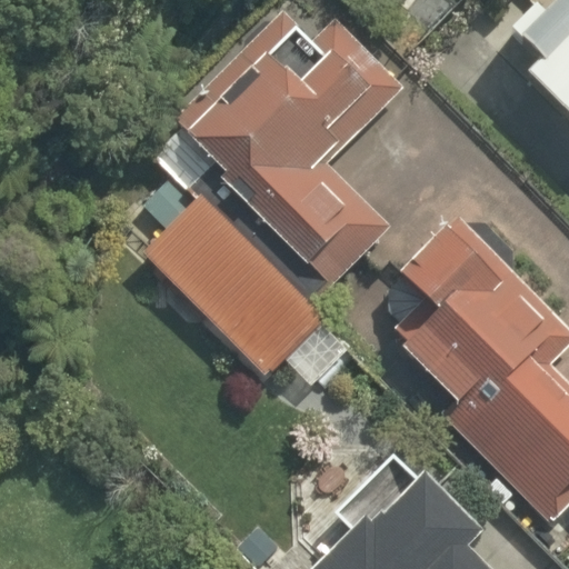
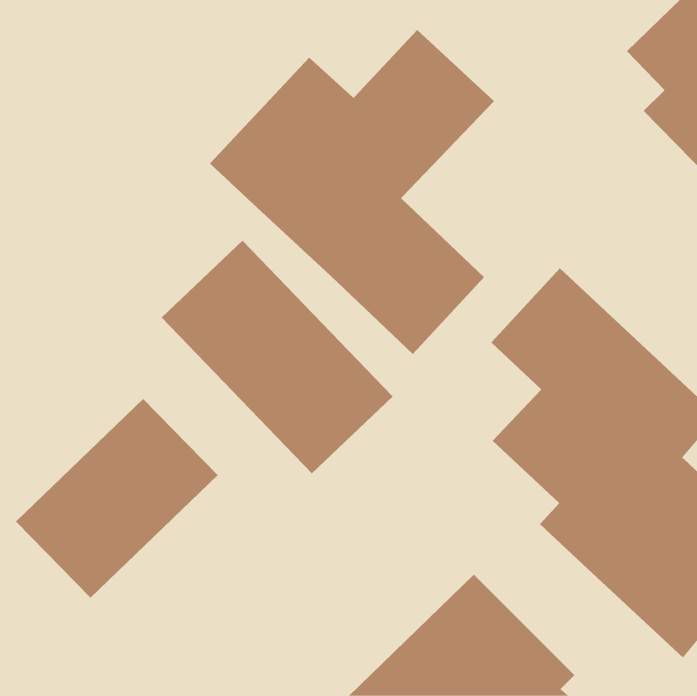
building: none -> [15,398,218,599]

